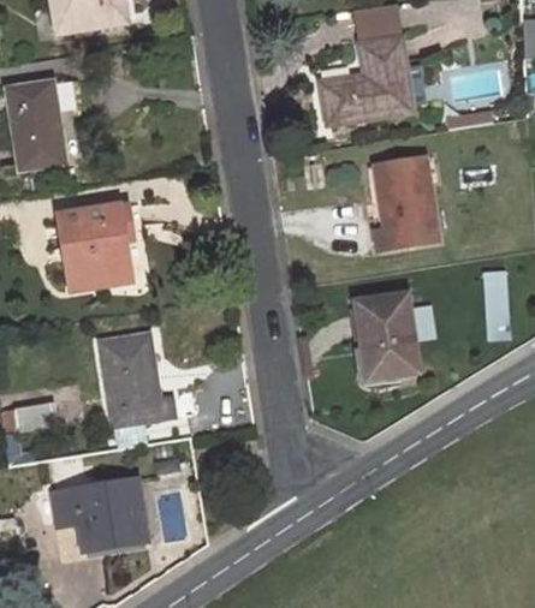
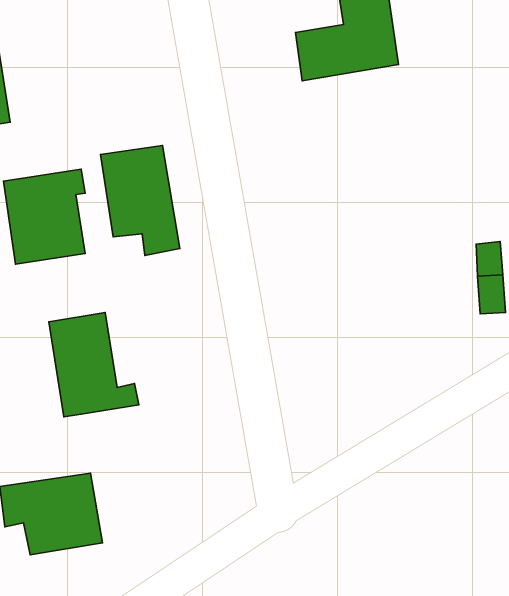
building: [373,156,439,249] -> none
building: none -> [100,145,180,256]
building: [356,292,417,378] -> none

